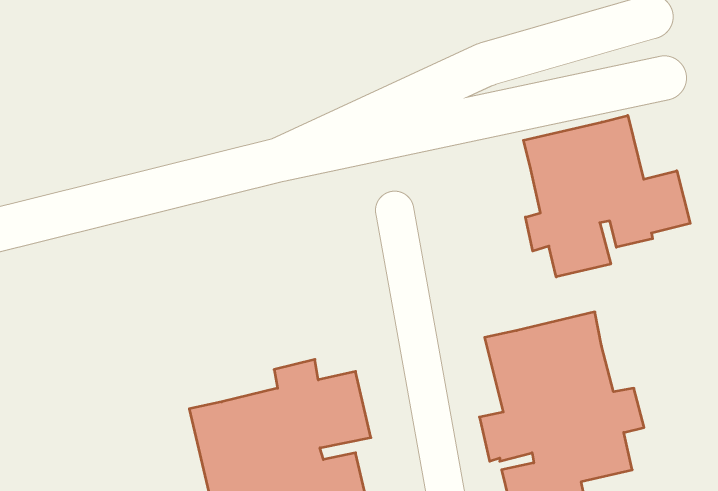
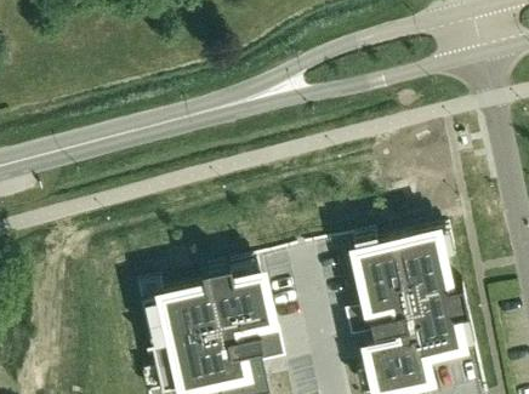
building: [523,115,690,277] -> none

